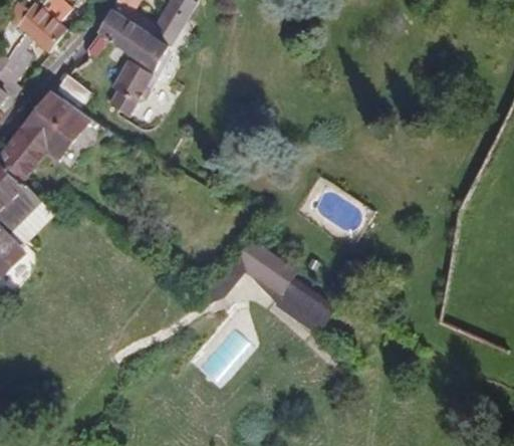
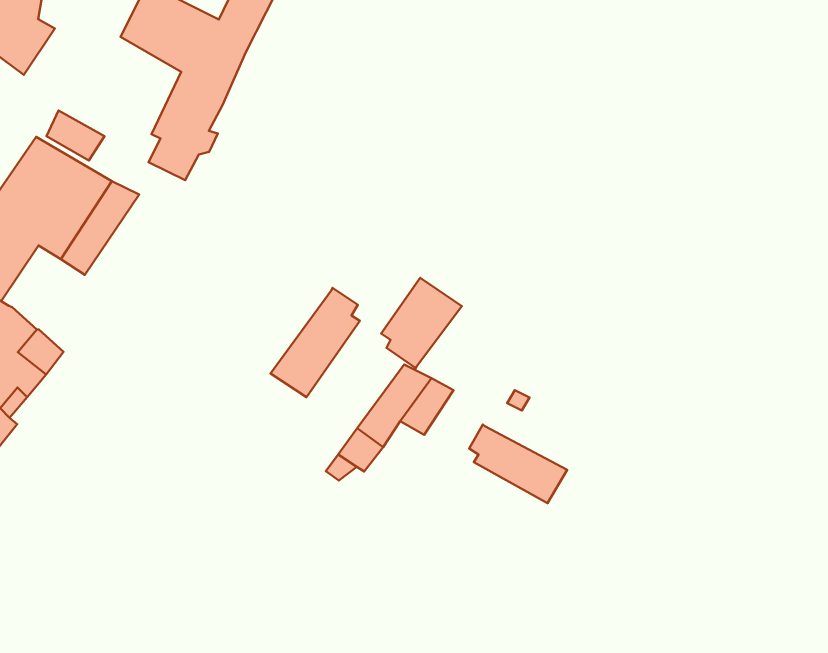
building: none -> [381,278,462,368]
building: none -> [270,288,360,397]
building: [254,254,294,293] -> none

